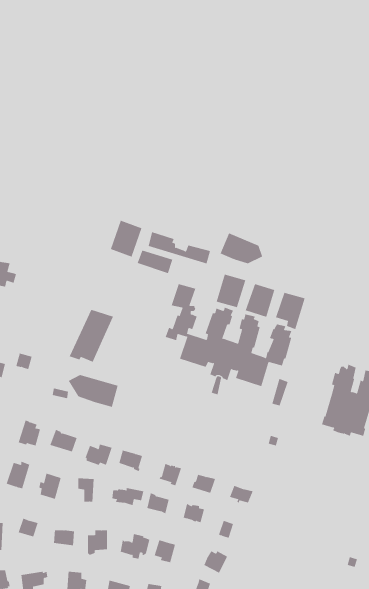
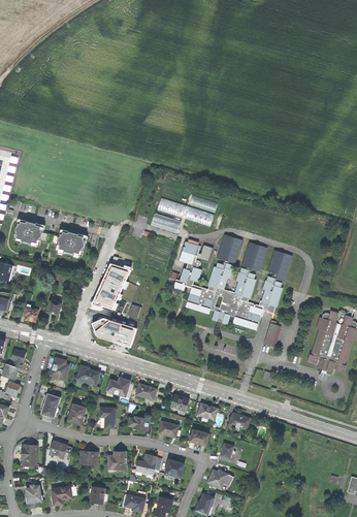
building: [110,220,142,258] -> none
building: [220,233,263,264] -> none
building: none -> [51,229,85,255]

